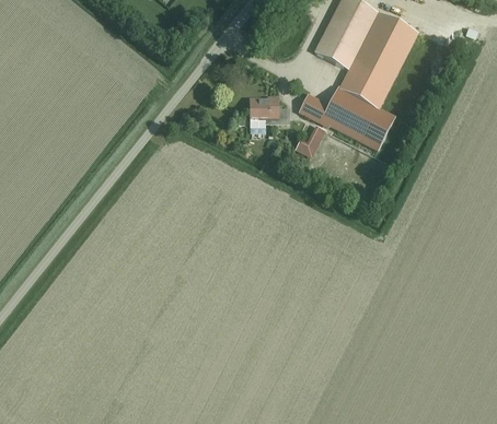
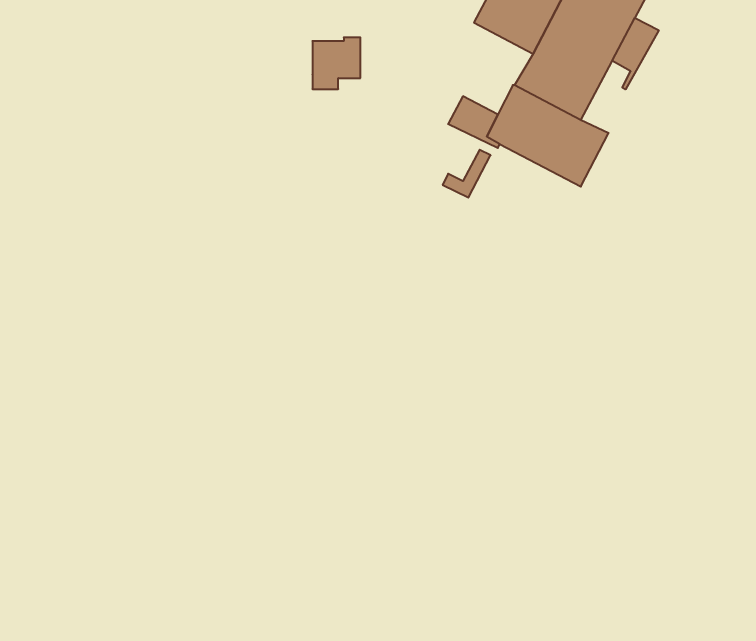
building: none -> [612,18,659,89]
building: [251,95,279,126] -> [312,37,360,89]

